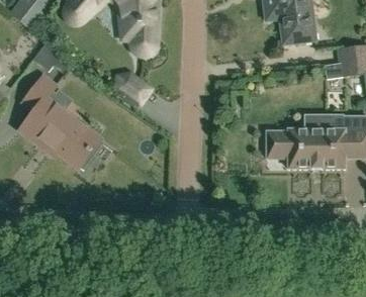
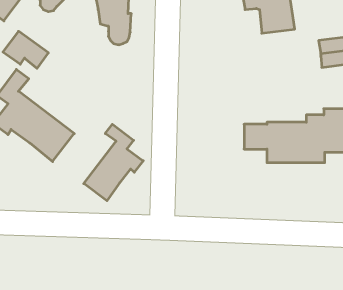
building: [116,72,149,105] -> none
building: none -> [84,124,143,201]

